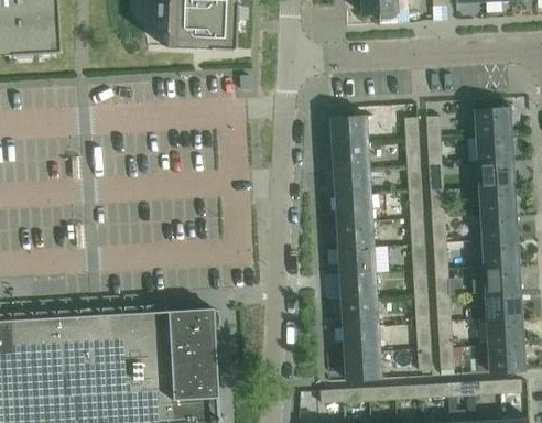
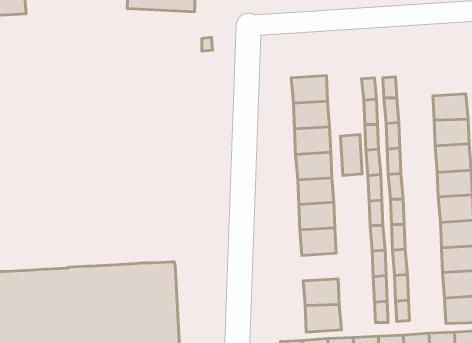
building: [474,106,510,135] -> none
building: none -> [341,134,362,176]
building: [340,299,378,327] -> none

